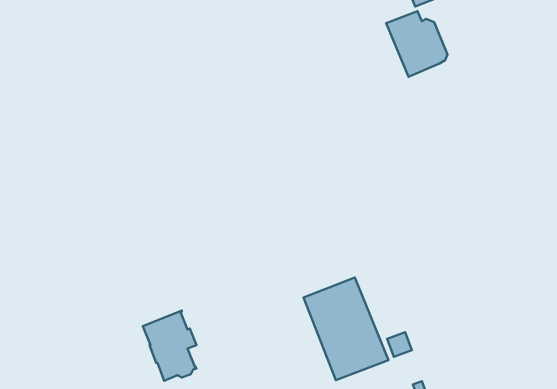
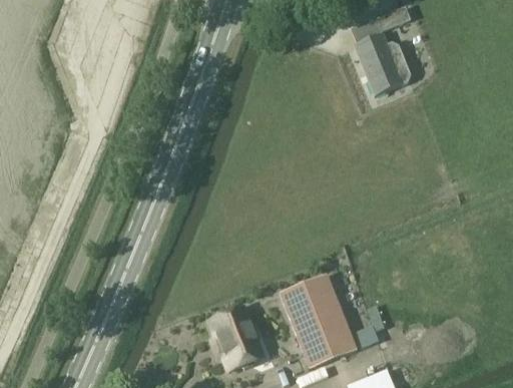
building: [143,311,196,381] -> [209,306,258,369]

